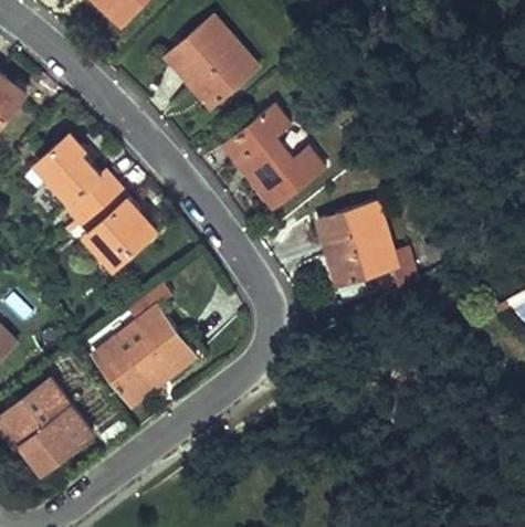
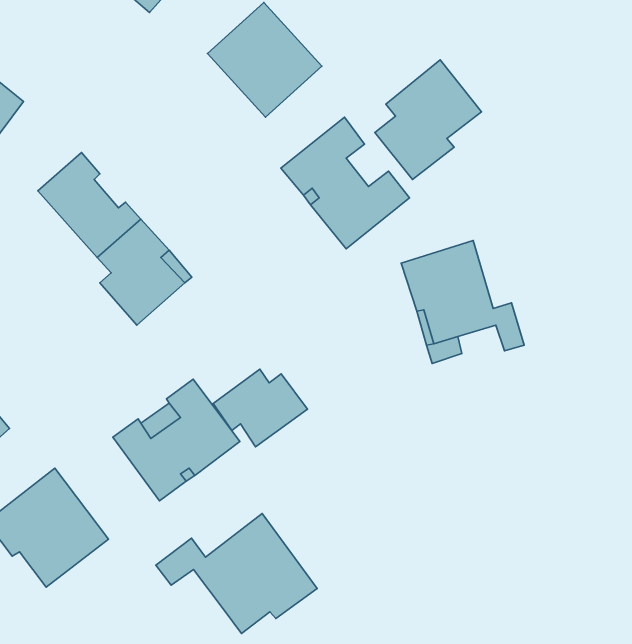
building: none -> [375,60,482,179]
building: none -> [213,369,307,447]
building: none -> [156,513,317,634]

